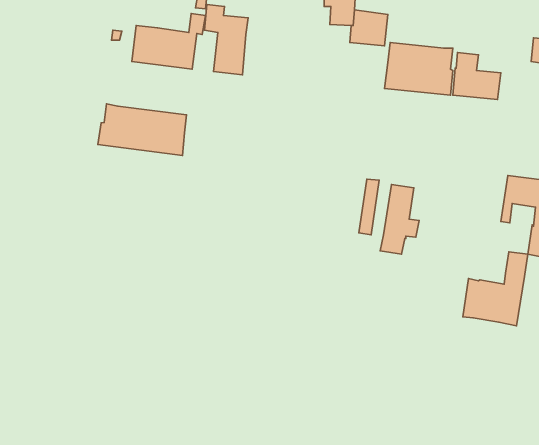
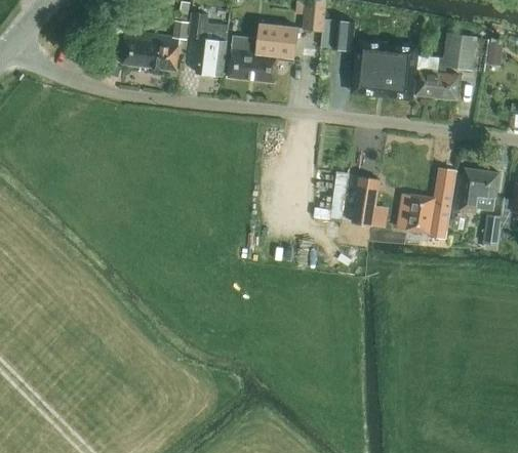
building: none -> [228,25,296,82]
building: none -> [443,34,487,71]
building: [98,104,186,155] -> none
building: [463,252,528,326] -> [397,168,456,236]

